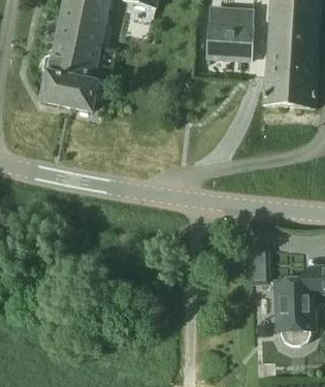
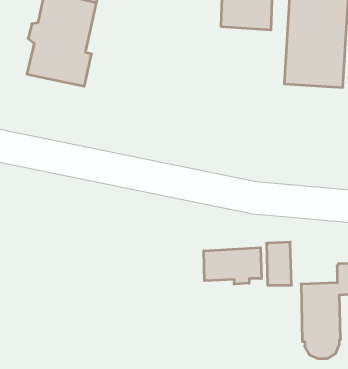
building: none -> [204,248,261,284]

